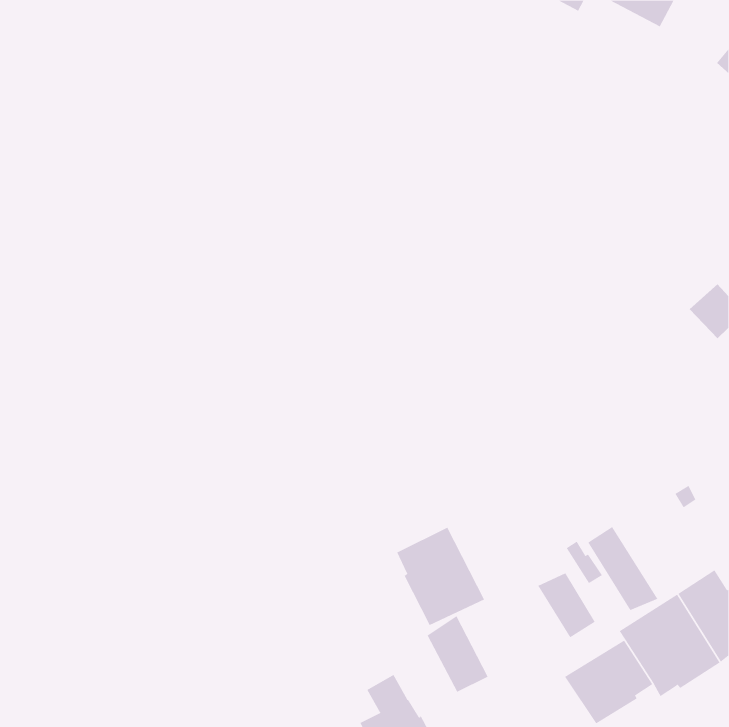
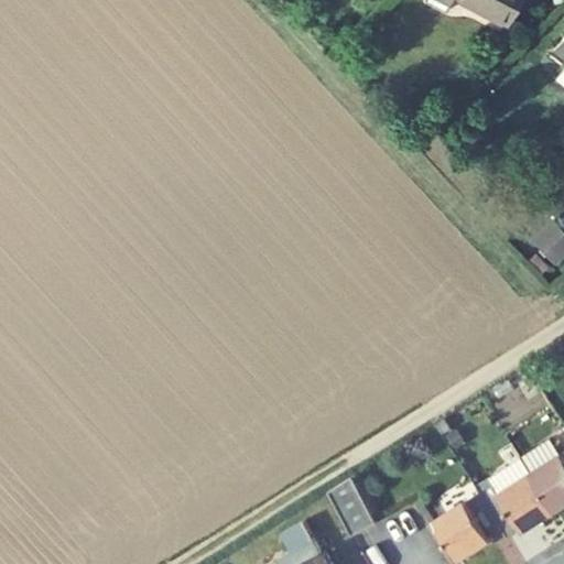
building: [587,526,658,611] -> none
building: [396,527,485,626] -> none
building: [538,573,596,638] -> none

